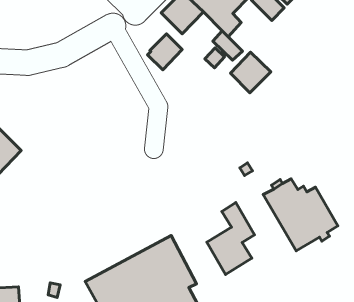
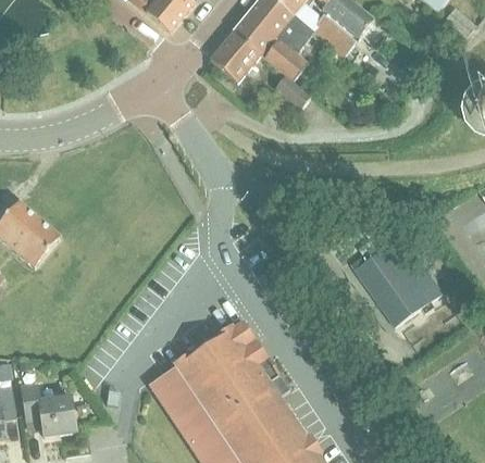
building: [147,34,182,70] -> none
building: [230,52,271,93] -> none
building: [207,203,255,274] -> none

